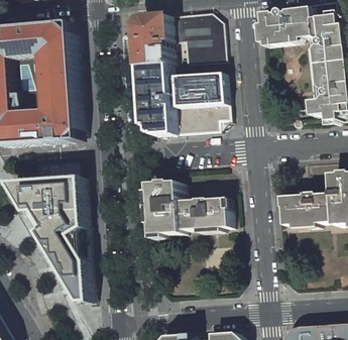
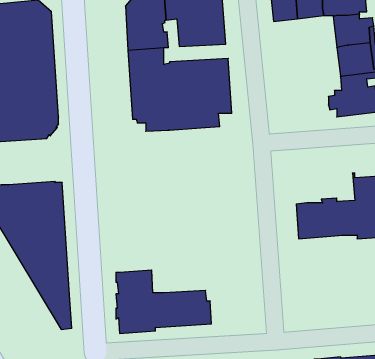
building: [145,181,226,234] -> [116,270,211,333]

